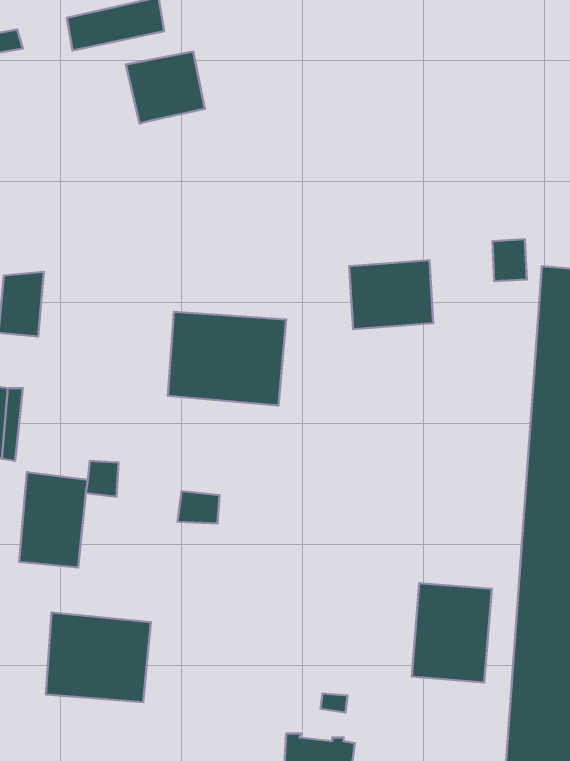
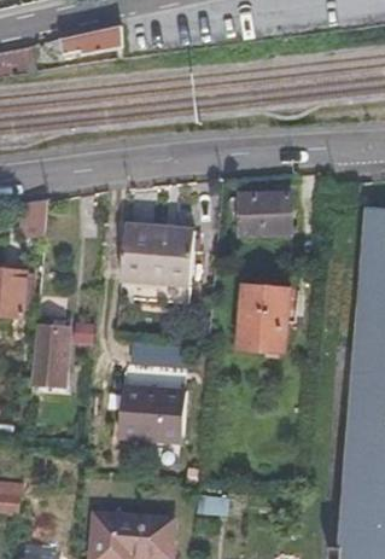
building: [126,52,205,123] -> none
building: [412,583,492,682] -> [241,286,292,349]
building: [46,612,151,702] -> [122,389,188,446]

